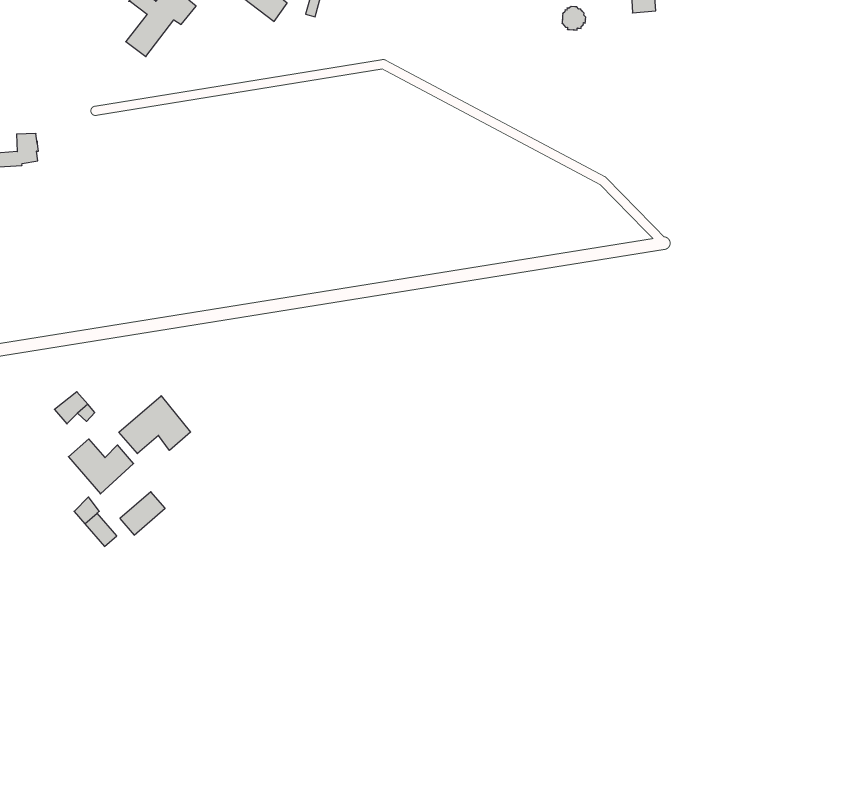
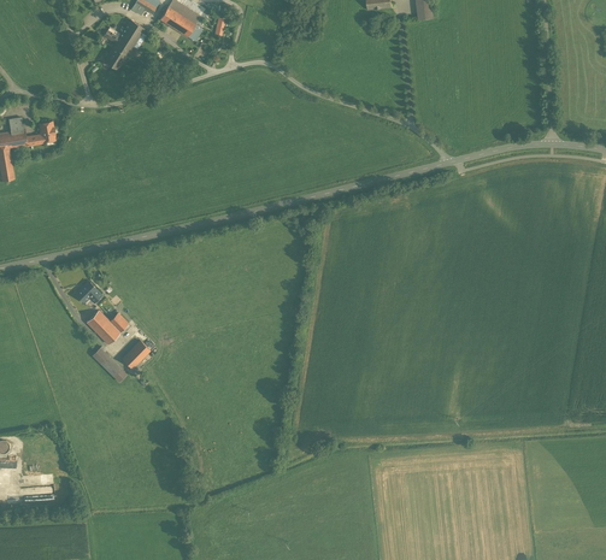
building: [119,396,191,454] -> none

